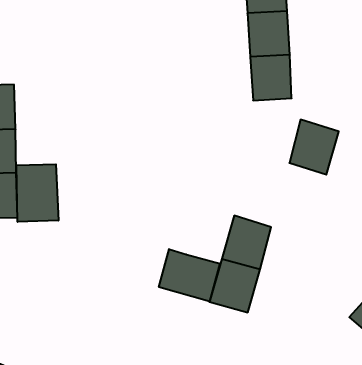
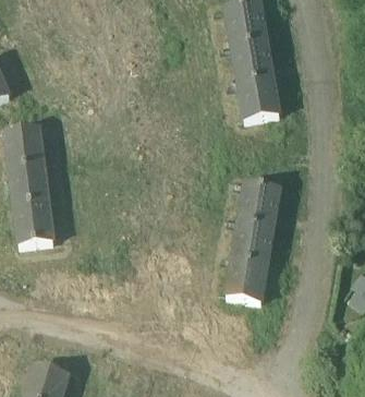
building: [289,120,339,175] -> [239,179,278,224]
building: [16,164,58,222] -> none
building: [159,249,220,301] -> none

